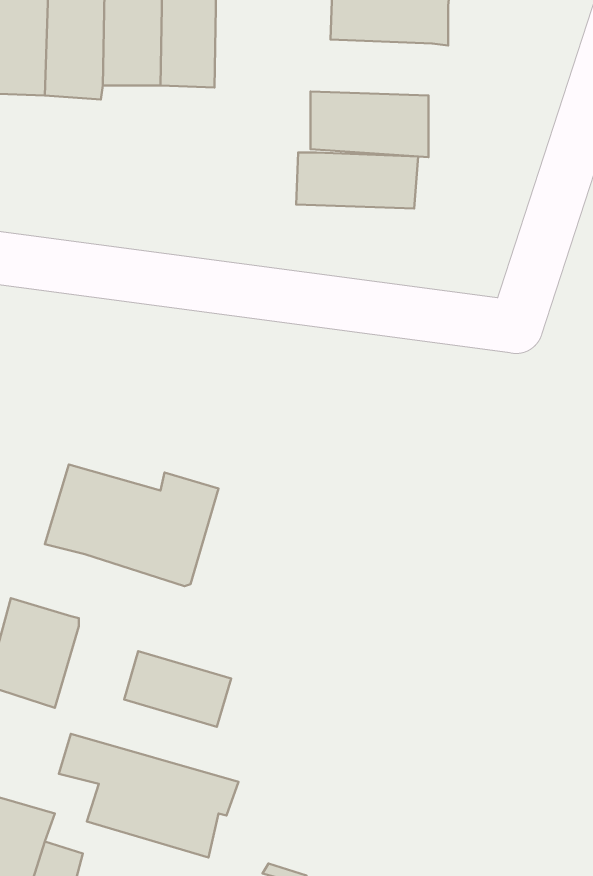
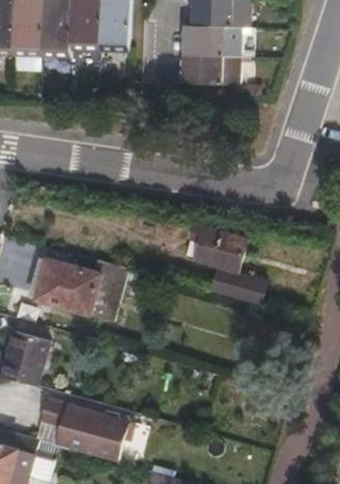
building: [296,153,418,208] -> [172,37,235,66]
building: none -> [188,222,265,307]
building: [124,651,231,727] -> none

